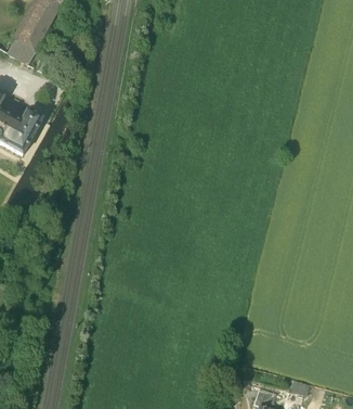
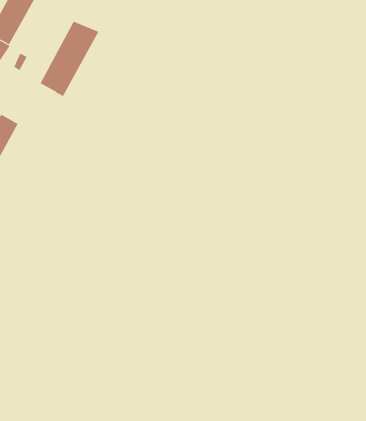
building: none -> [39,21,99,97]

